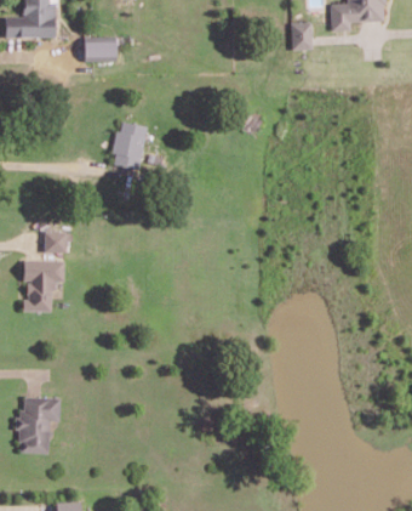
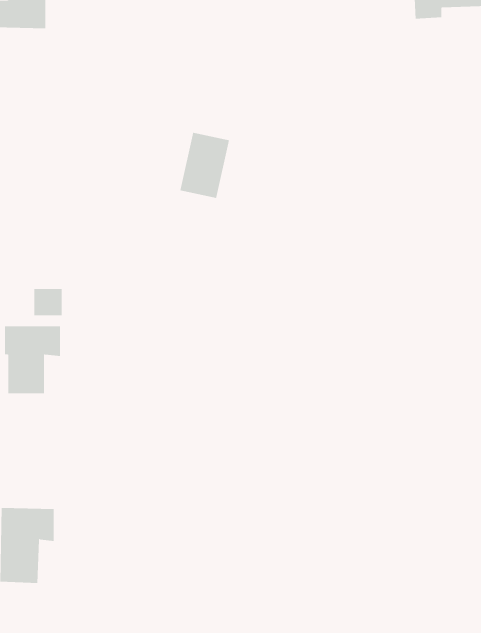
building: [290,22,311,49] -> none
building: [84,42,116,61] -> none
building: [111,120,149,170] -> [180,132,230,199]

